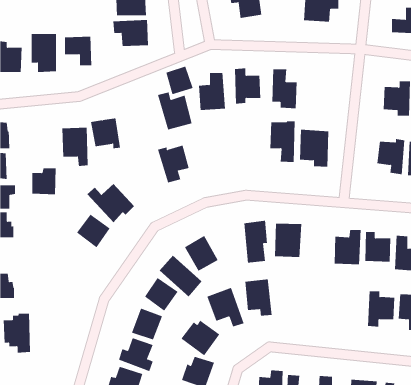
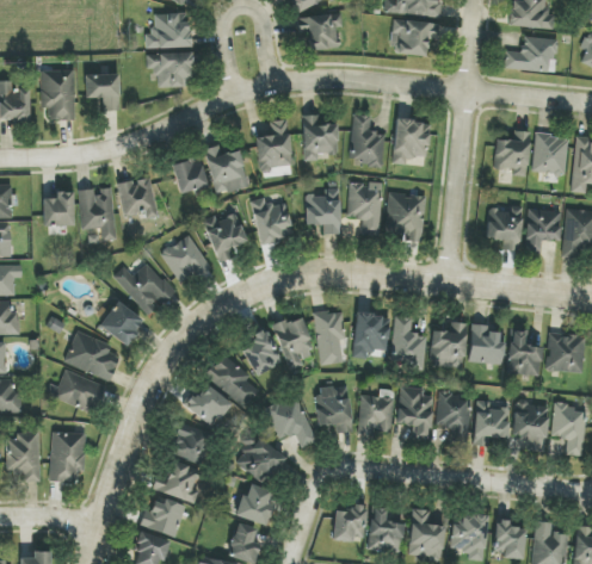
building: [165,66,193,95] -> [172,155,208,192]
building: none -> [391,118,428,163]
building: none -> [304,187,339,234]
building: none -> [249,197,292,243]
building: none -> [160,234,209,283]
building: [32,168,57,195] -> [42,191,74,225]
building: none -> [272,314,314,370]
building: none -> [390,315,427,368]
building: none -> [63,333,122,380]
building: none -> [51,368,105,413]
building: none -> [396,385,432,439]
building: none -> [437,393,469,442]
building: none -> [358,395,393,434]
building: none -> [50,432,85,482]

